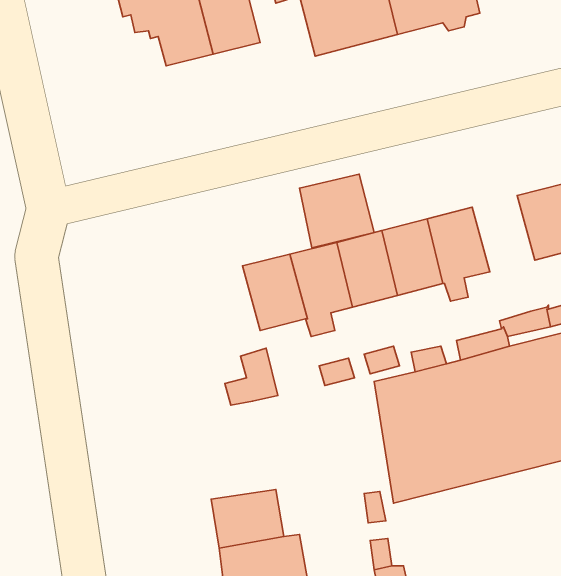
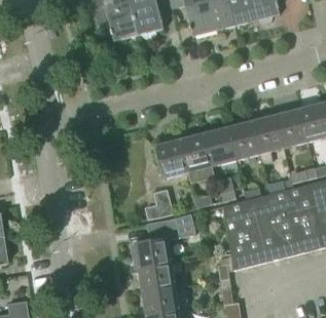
building: [299,174,374,248] -> none
building: none -> [275,109,307,149]
building: none -> [134,214,195,268]

